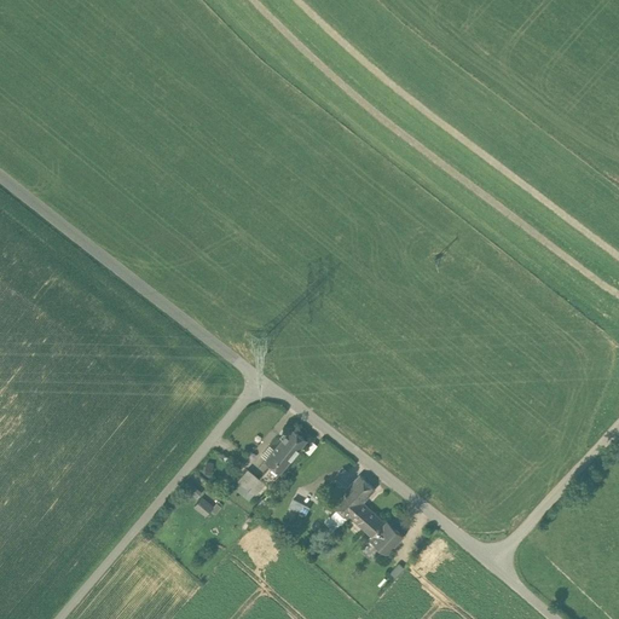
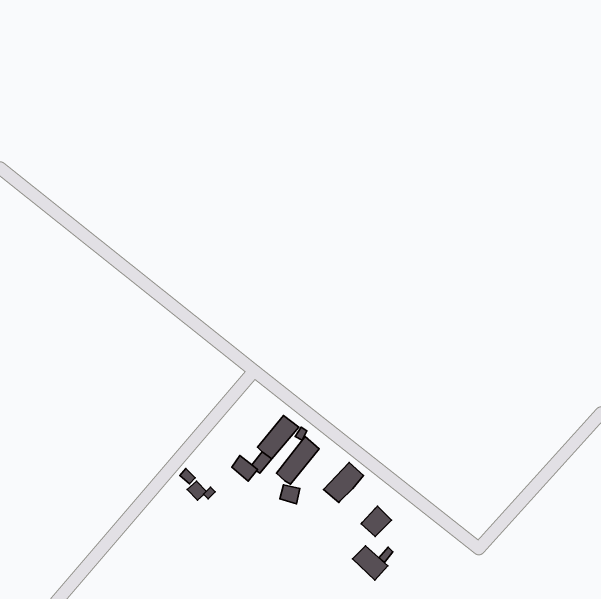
building: none -> [276,437,319,484]
building: [349,504,386,539] -> [353,546,388,580]

